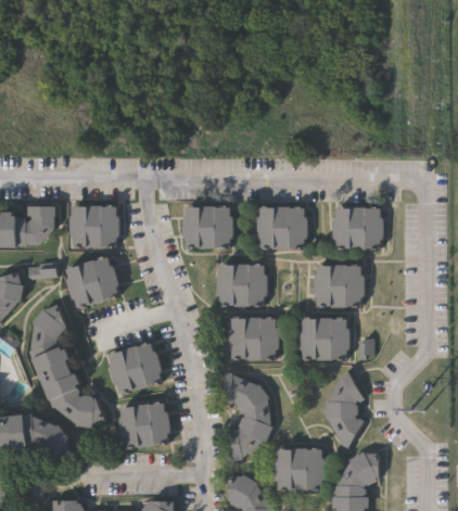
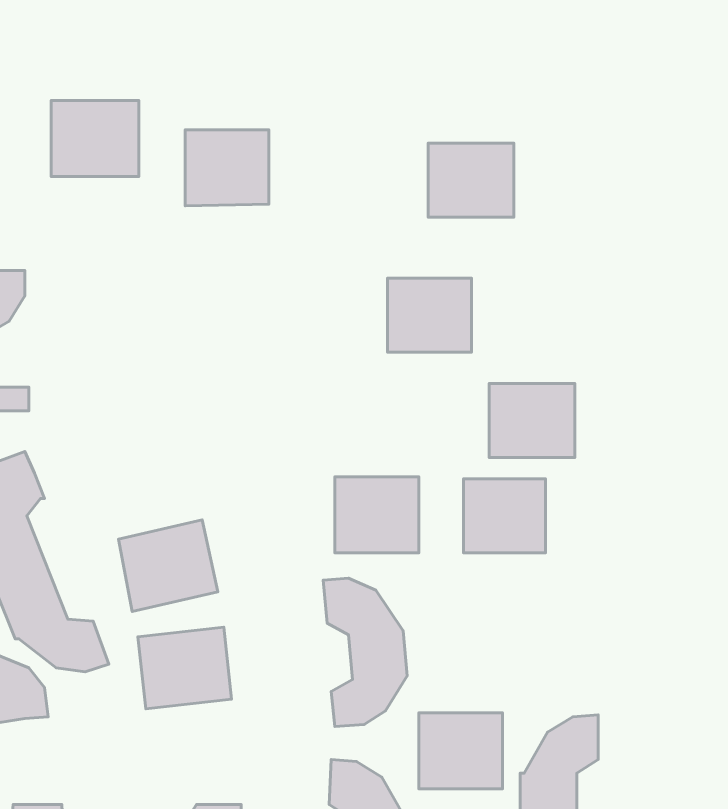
building: [71,205,119,247] -> [51,101,139,177]
building: [185,206,231,248] -> [185,130,269,206]
building: [334,208,382,250] -> [428,143,514,217]
building: [65,256,123,308] -> none
building: [218,265,266,306] -> none
building: [325,371,365,448] -> none

